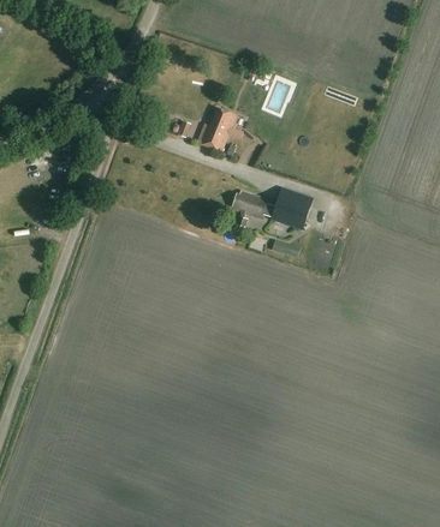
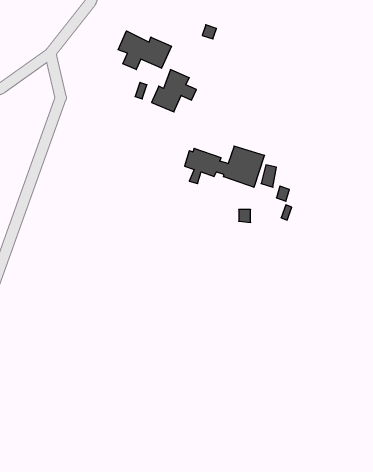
building: none -> [118,31,171,70]

